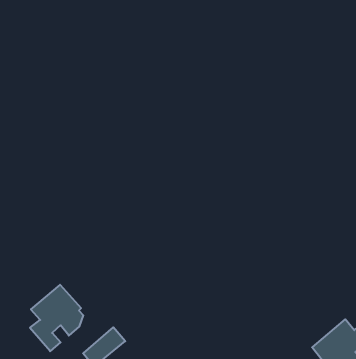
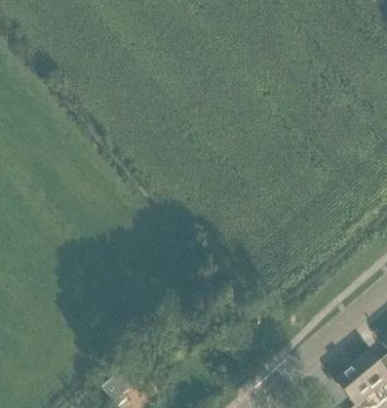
building: [30,285,83,351] -> none

